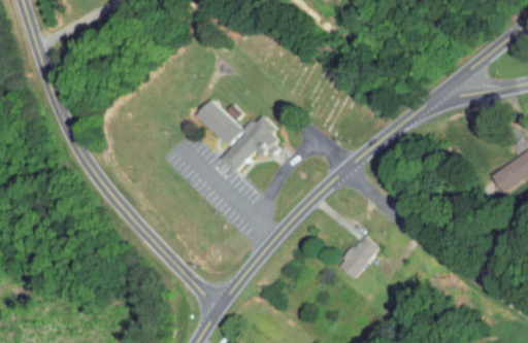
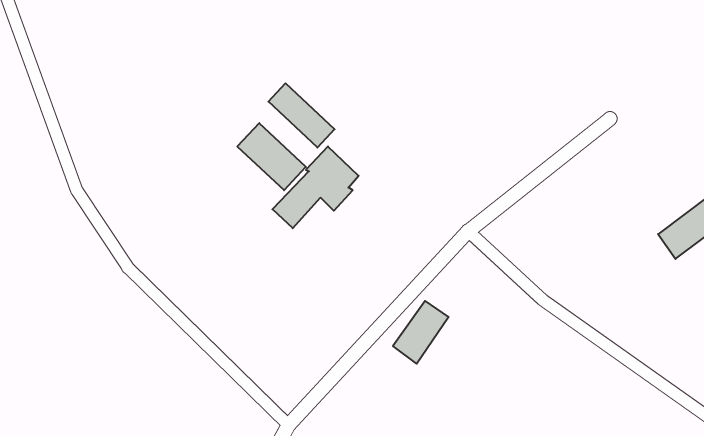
building: none -> [268,83,335,148]
building: [339,235,378,279] -> [393,301,449,364]

